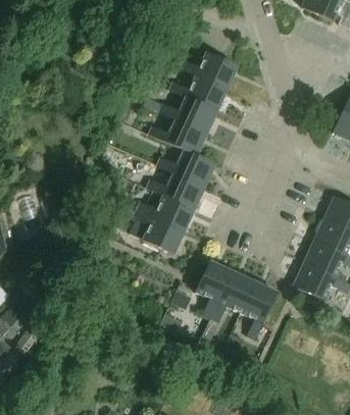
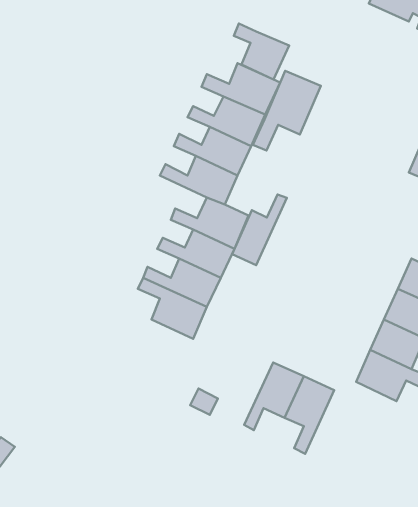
building: none -> [234,24,289,80]
building: none -> [253,71,321,150]
building: none -> [232,194,287,265]
building: [196,261,233,317] -> none

